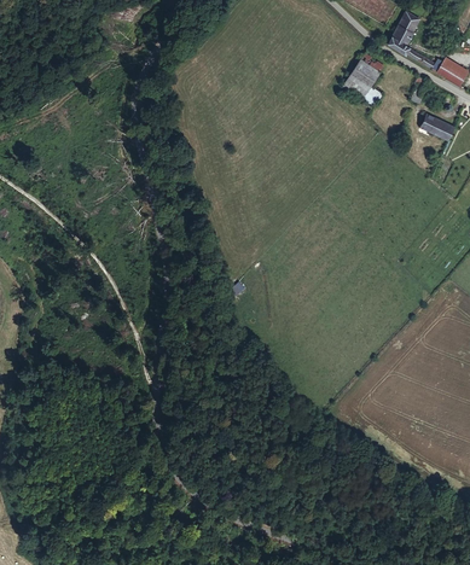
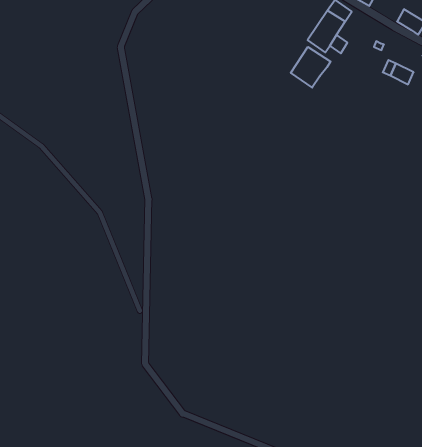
building: none -> [291,47,331,88]

